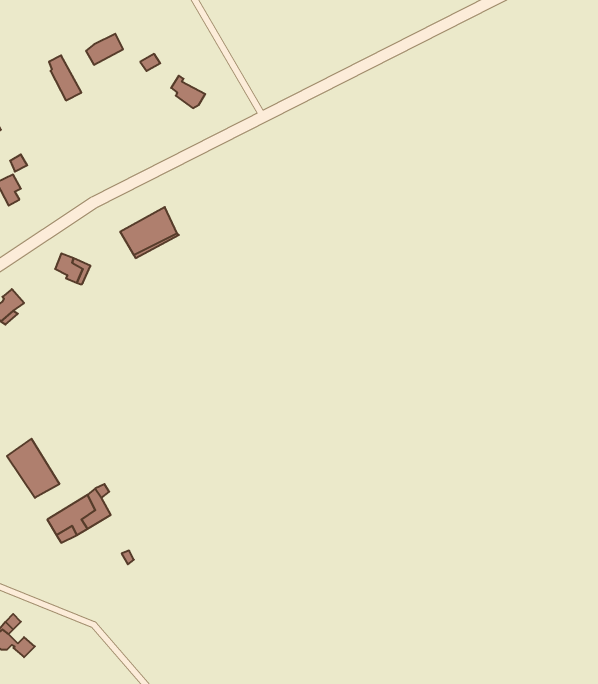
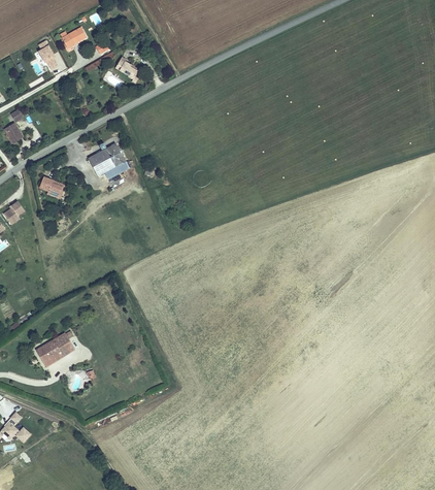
building: [7,439,59,498] -> none

